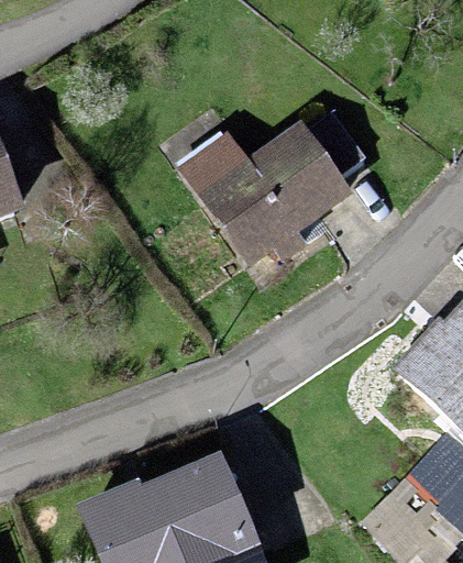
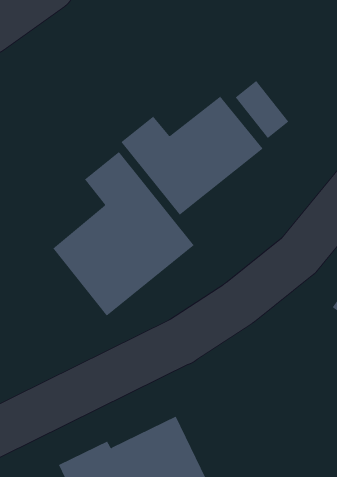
building: none -> [52,151,195,316]

